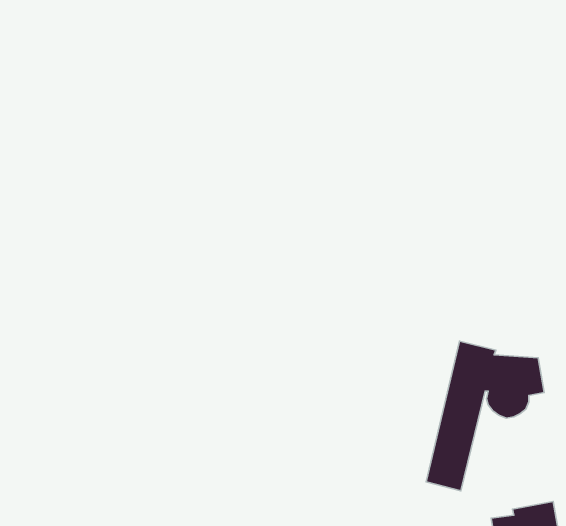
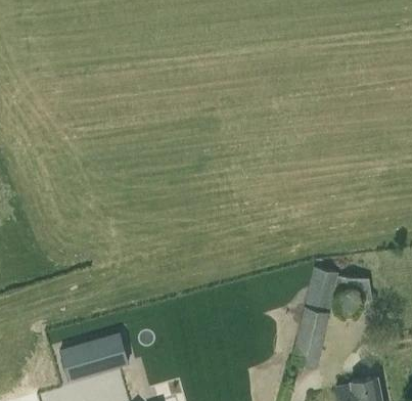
building: none -> [59,335,129,384]

